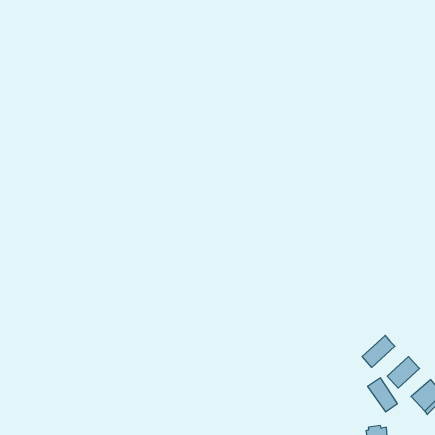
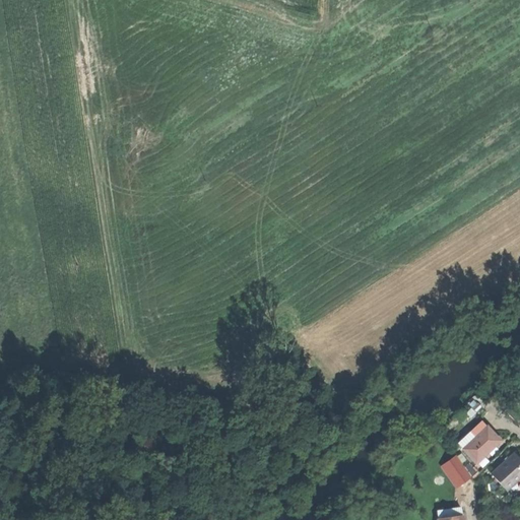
building: [362,335,395,367] -> none

